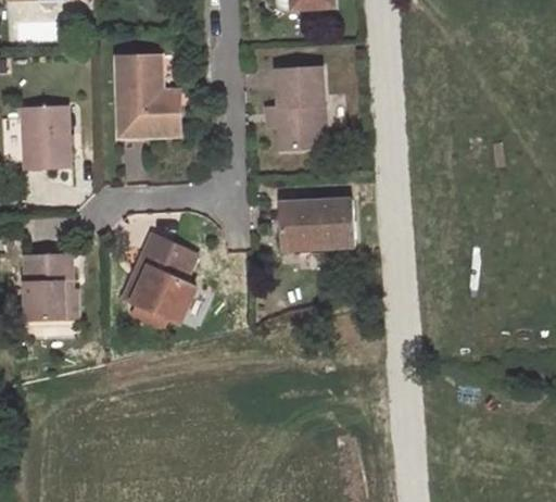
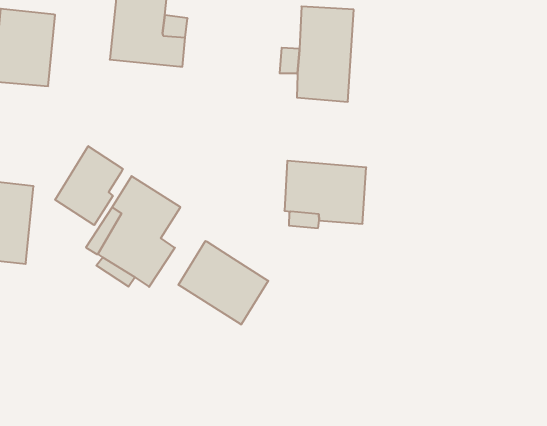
building: none -> [55,146,123,225]
building: none -> [178,241,268,325]

